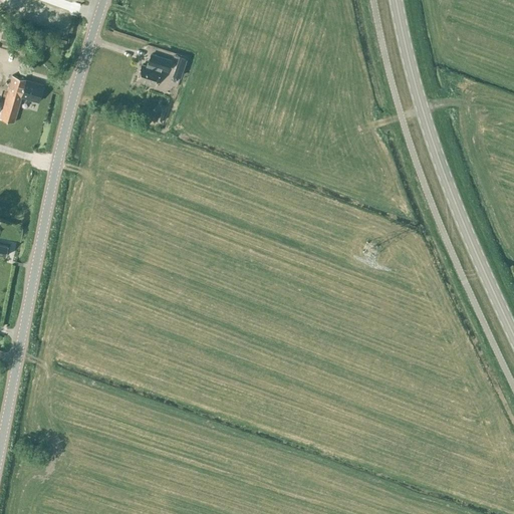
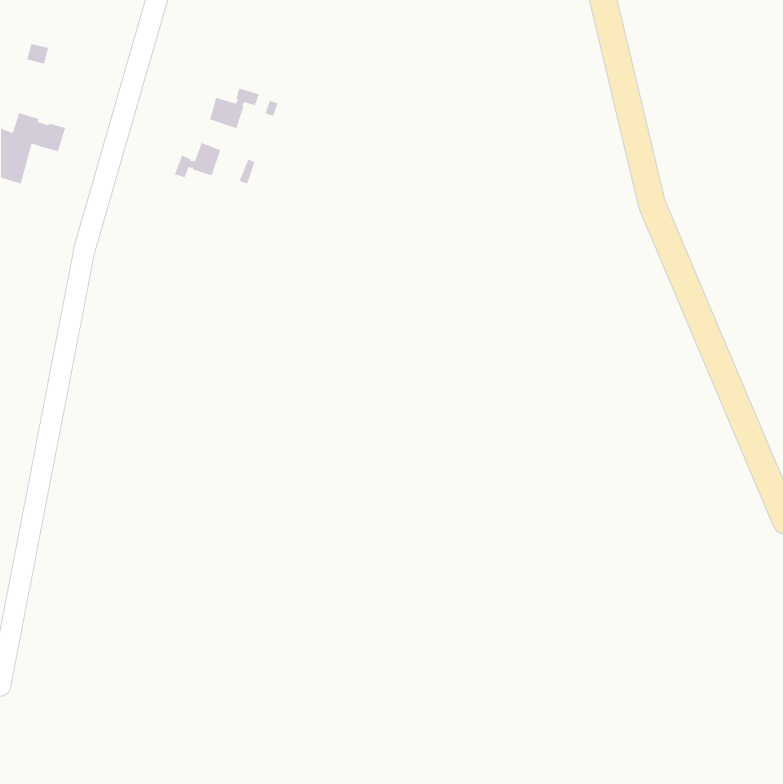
building: none -> [174,142,221,178]

